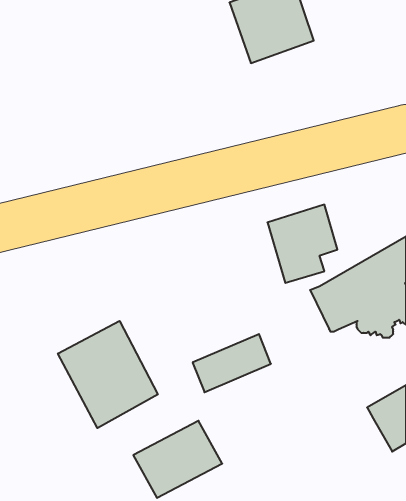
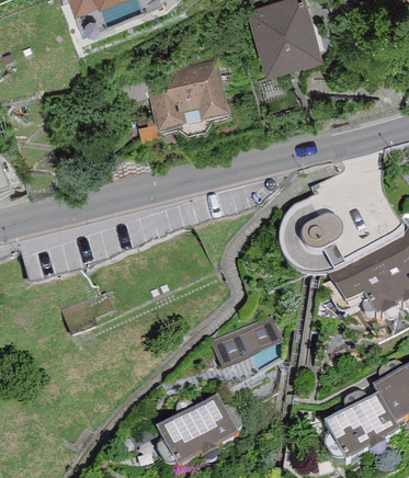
building: none -> [146,60,229,126]
building: [58,321,158,428] -> none
building: none -> [325,396,399,464]

